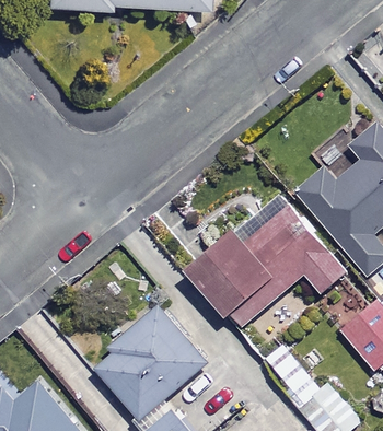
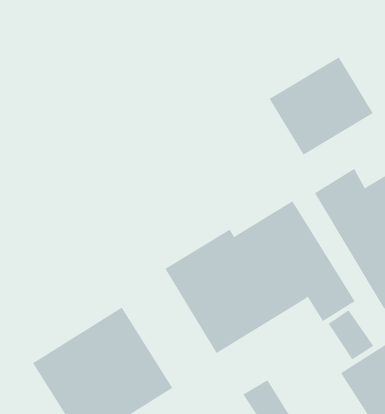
building: none -> [269,56,373,155]

